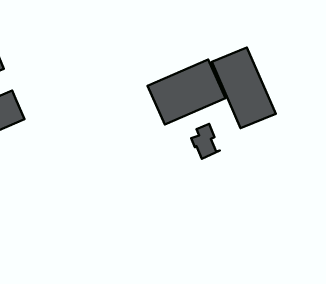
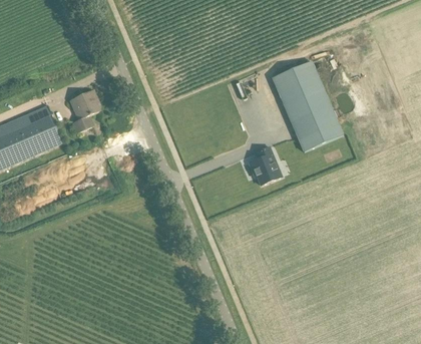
building: [147,59,226,124] -> none
building: none -> [69,89,97,131]

